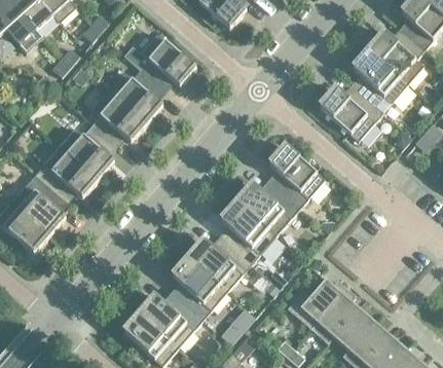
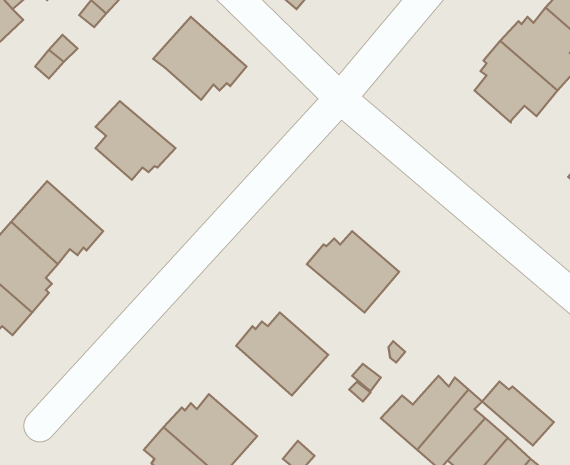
building: [109,69,164,123] -> none
building: [320,84,383,141] -> none
building: [60,123,117,180] -> none
building: [267,146,325,208] -> none
building: [218,203,275,264] -> none
building: [170,258,226,320] -> none
building: none -> [482,381,554,446]

